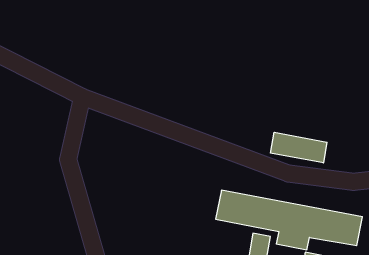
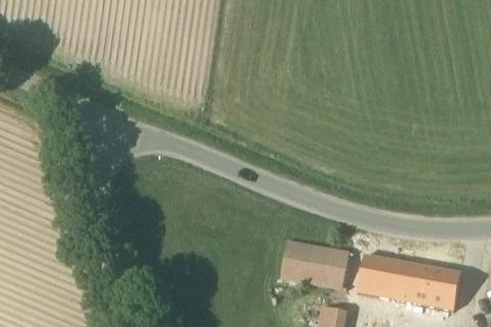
building: [271,132,327,163] -> none

